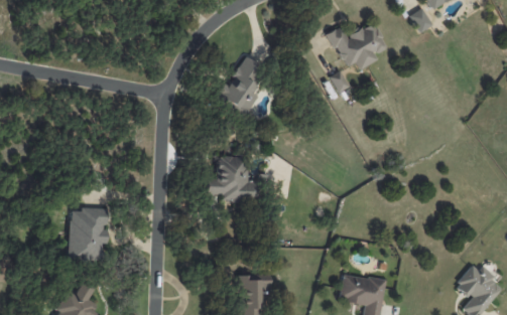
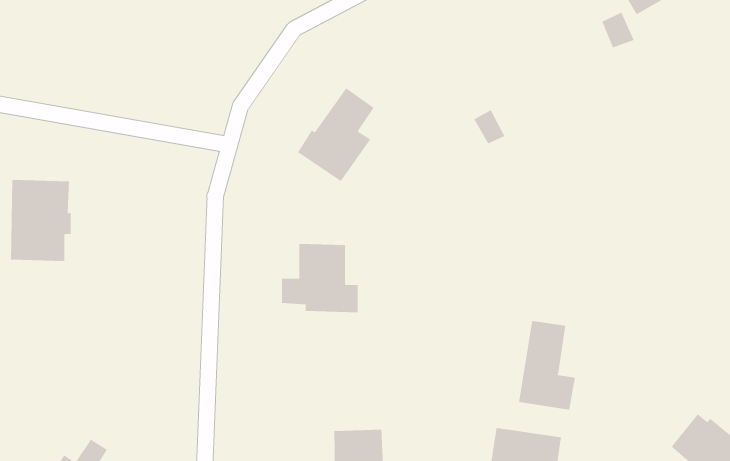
building: [328,21,387,69] -> none
building: none -> [518,320,575,410]
building: [68,208,107,261] -> [10,180,72,261]

